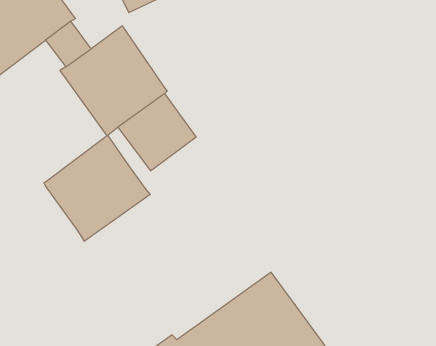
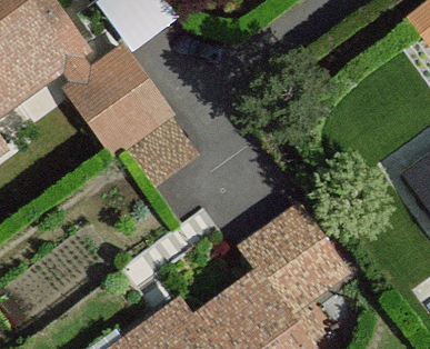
building: [44,135,150,241] -> none
building: none -> [246,212,344,309]

